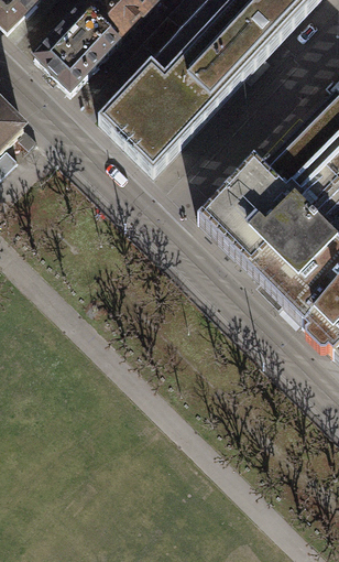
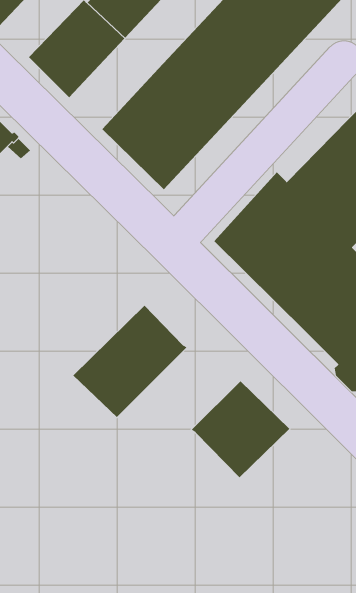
building: none -> [72,305,187,418]
building: none -> [191,380,290,478]

